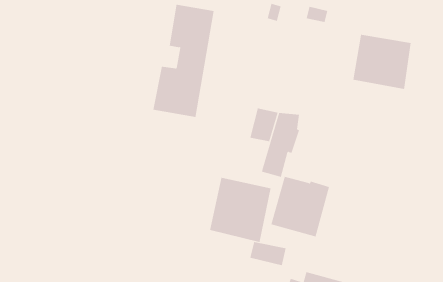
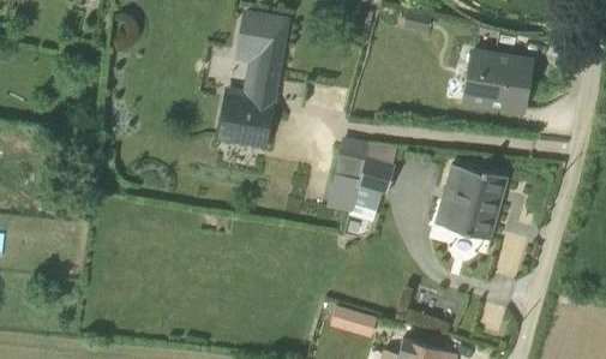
building: none -> [326,174,359,211]
building: [271,176,330,237] -> [434,163,508,239]
building: [209,177,271,243] -> none

